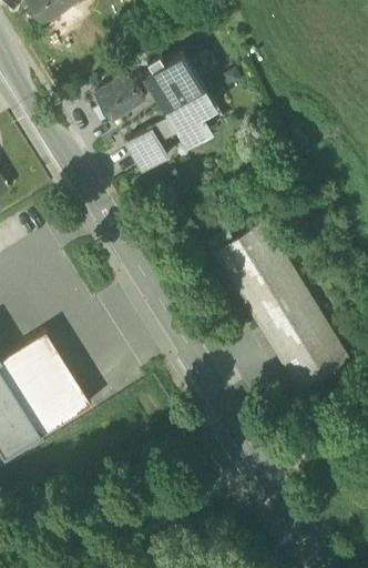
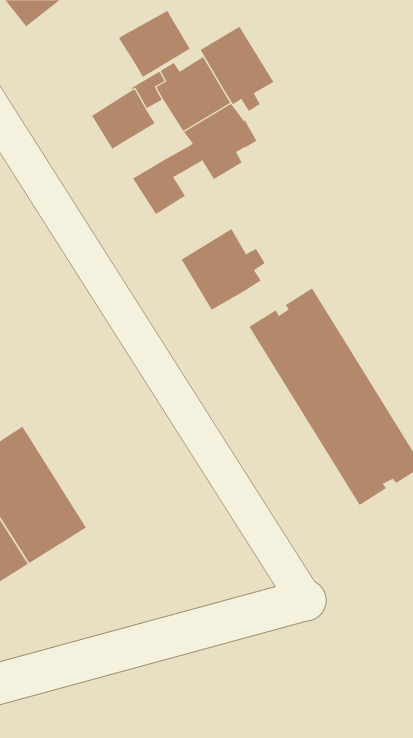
building: none -> [118,10,190,78]
building: none -> [200,26,274,112]
building: none -> [181,228,266,310]

